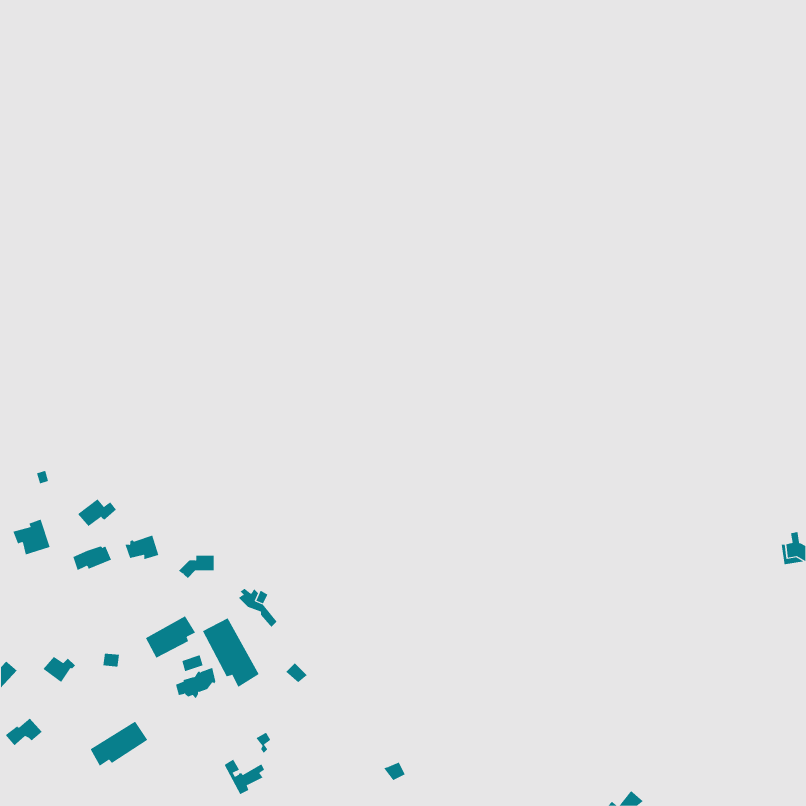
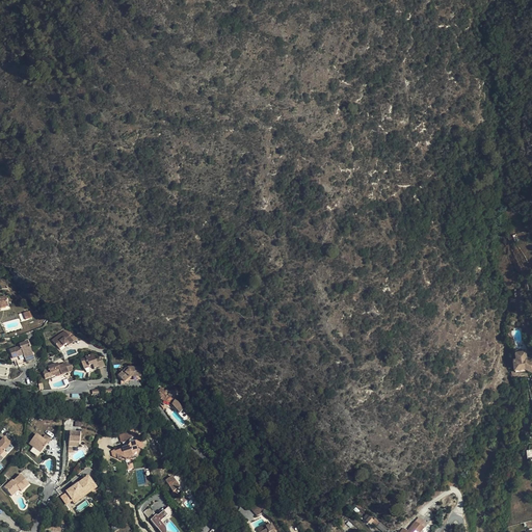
building: [145,616,196,659] -> none
building: [202,617,260,688] -> none

